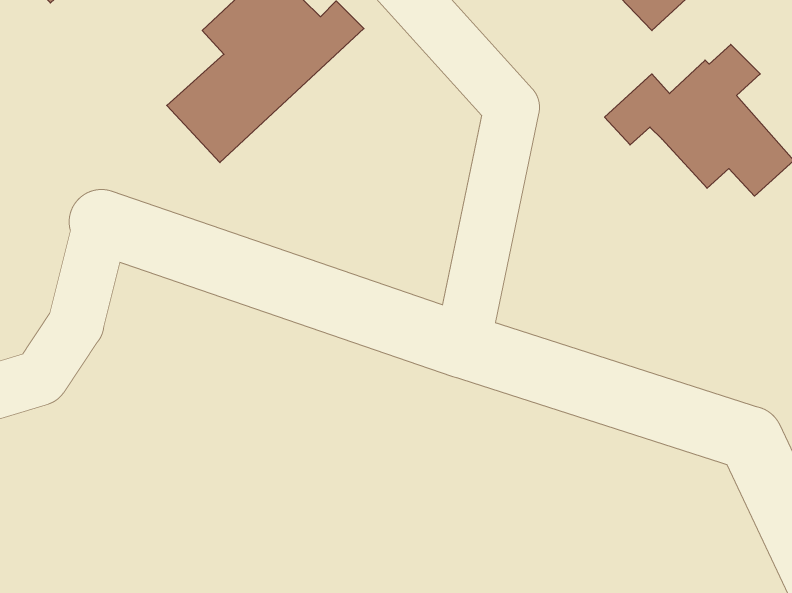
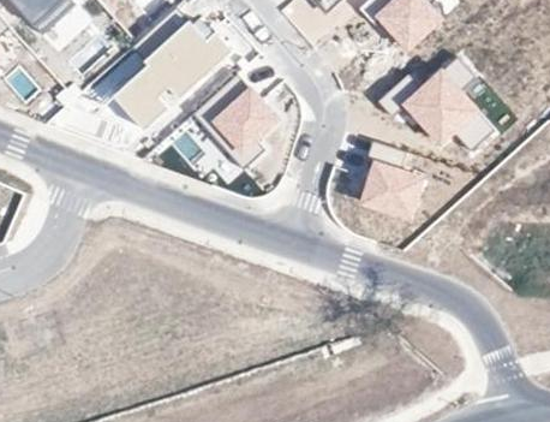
building: none -> [192,75,279,170]
building: none -> [359,142,426,220]

